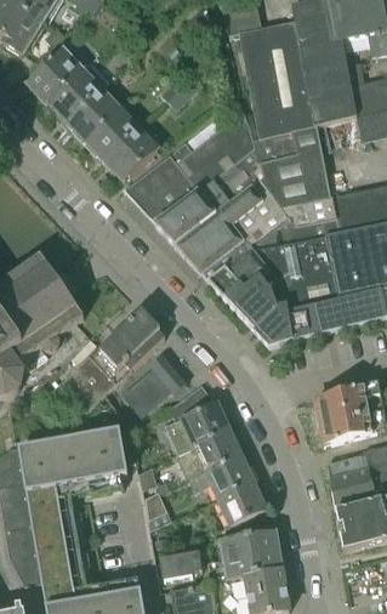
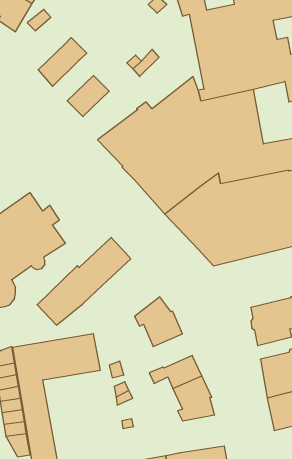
building: [25,38,91,102] -> none
building: [68,89,119,140] -> none
building: [106,120,156,180] -> none
building: [123,353,186,414] -> none
building: [176,430,241,478] -> none
building: [221,529,281,578] -> none
building: [159,550,201,579] -> none

